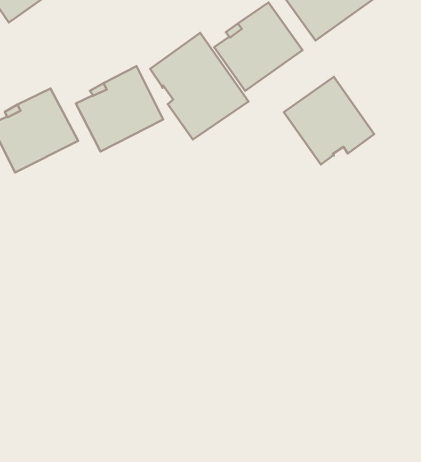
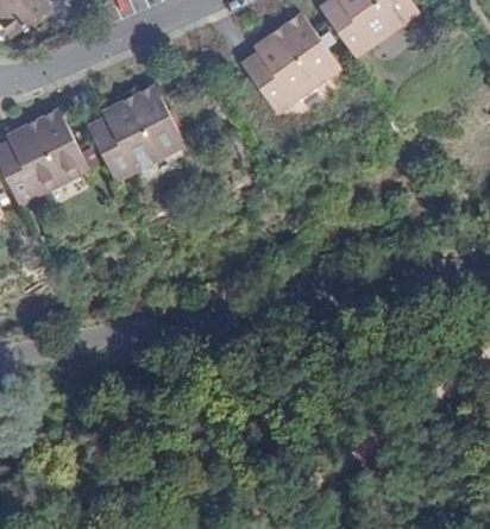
building: [150,33,249,139] -> none
building: [284,77,374,165] -> none

